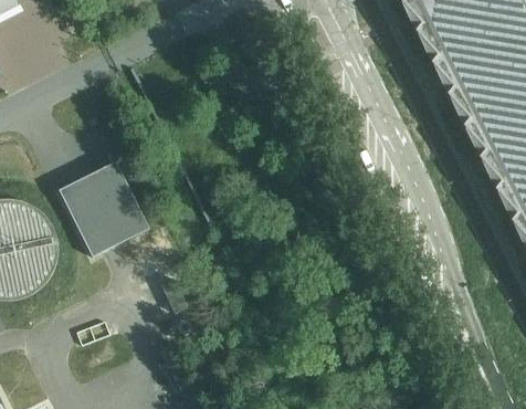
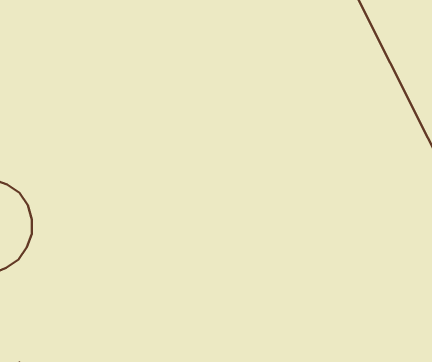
building: [57,160,148,255] -> none

